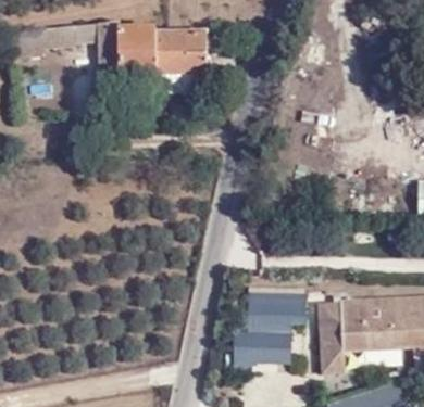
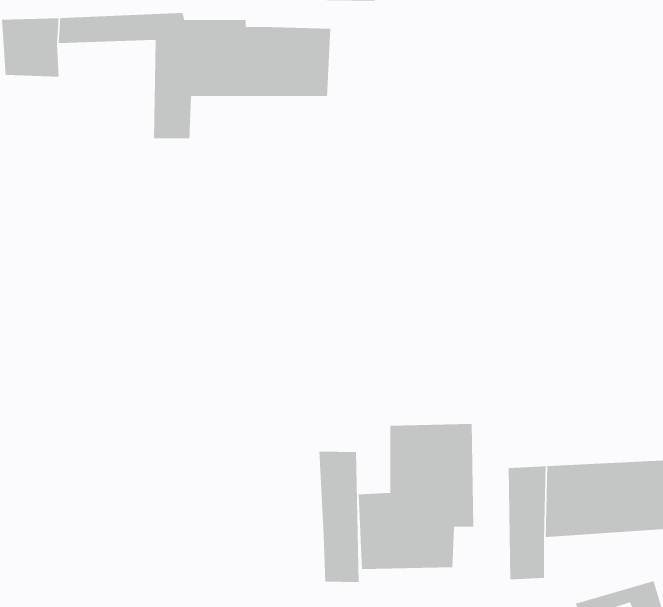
building: none -> [319,451,359,583]

